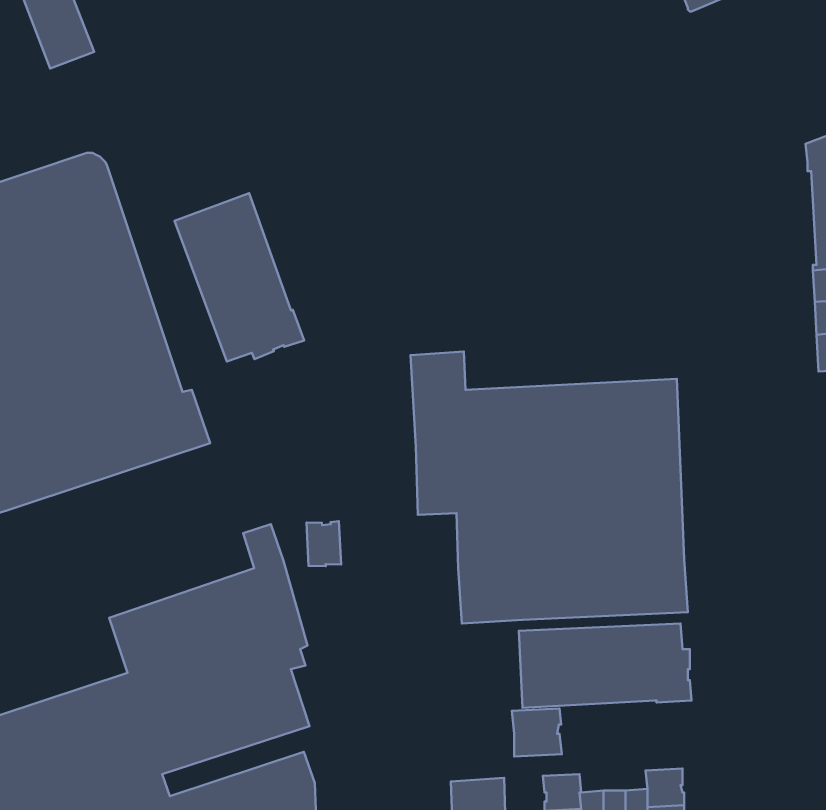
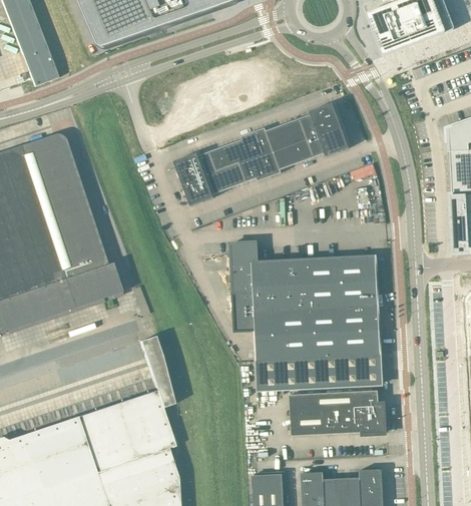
building: none -> [174,102,350,206]
building: [175,193,304,362] -> none
building: [307,521,341,566] -> none
building: [512,708,562,757] -> none

